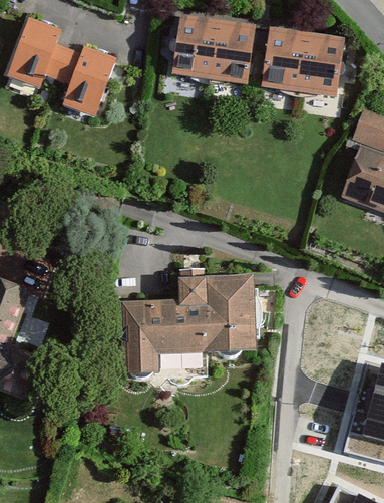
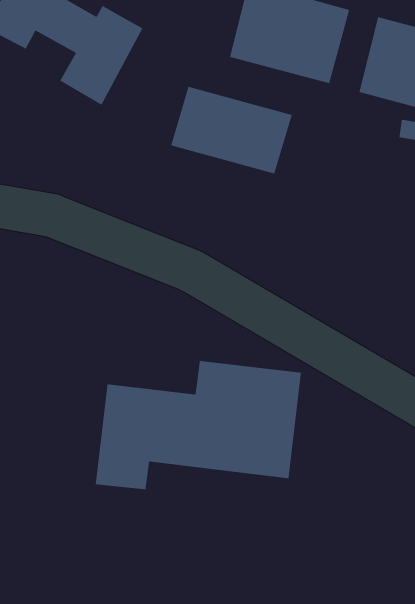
building: none -> [170,86,293,175]

